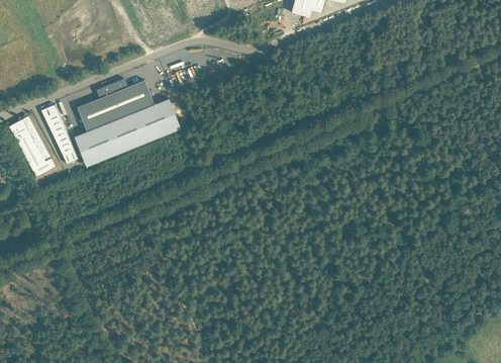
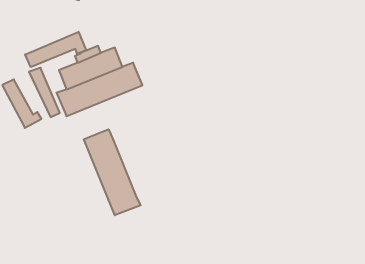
building: none -> [25,32,86,67]
building: none -> [84,129,141,215]

